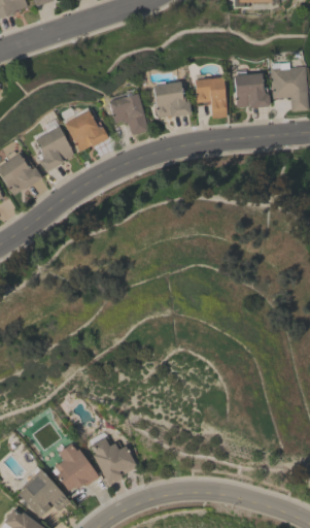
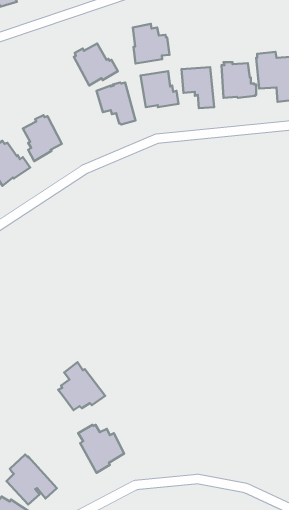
building: none -> [133,24,170,63]
building: [65,109,109,152] -> [74,44,118,85]
building: [53,442,100,491] -> [58,362,105,410]

